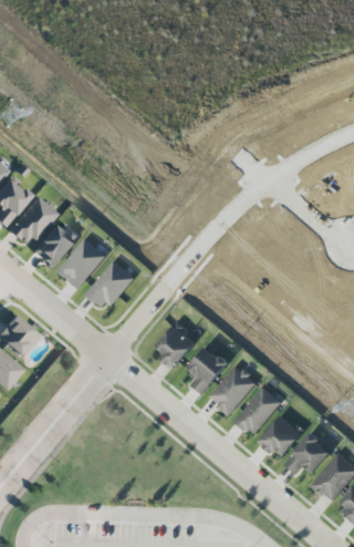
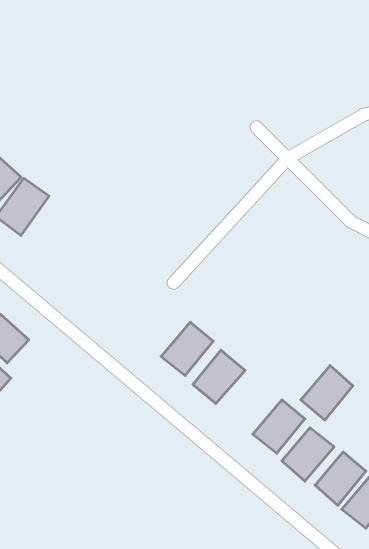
building: [34,219,79,267] -> none
building: [58,238,106,288] -> none
building: [85,260,134,310] -> none
building: [209,367,254,414] -> [301,365,353,420]

